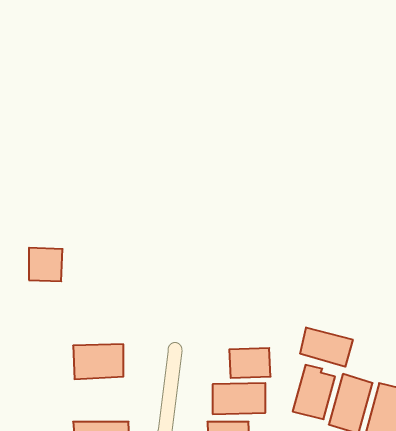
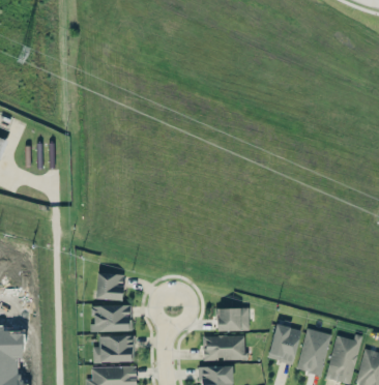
building: [29,248,63,281] -> [96,273,123,300]
building: [300,327,353,367] -> none
building: none -> [93,335,135,363]

